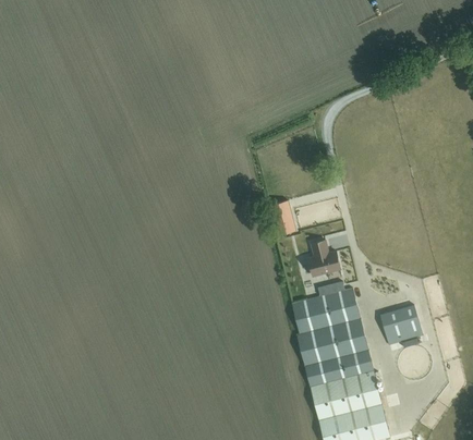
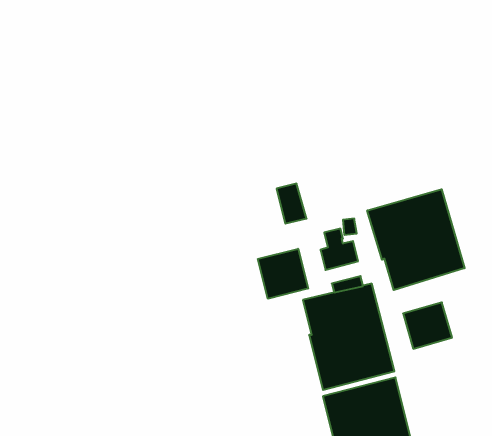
building: none -> [367,189,465,290]
building: none -> [258,249,308,299]

